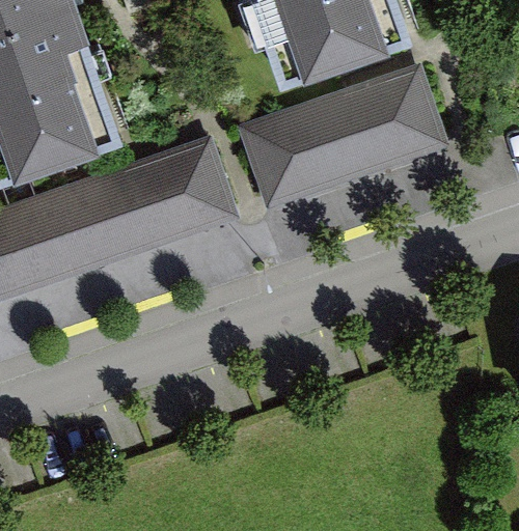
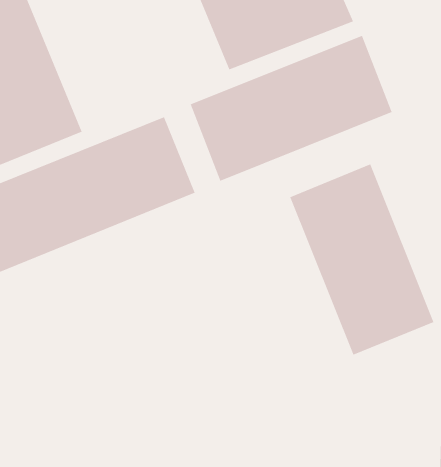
building: none -> [290,164,434,356]

